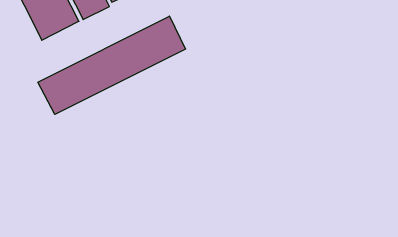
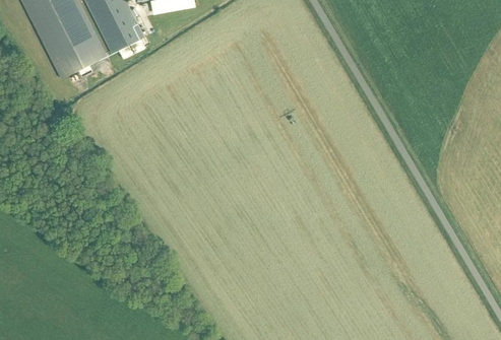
building: [38,16,186,114] -> none

